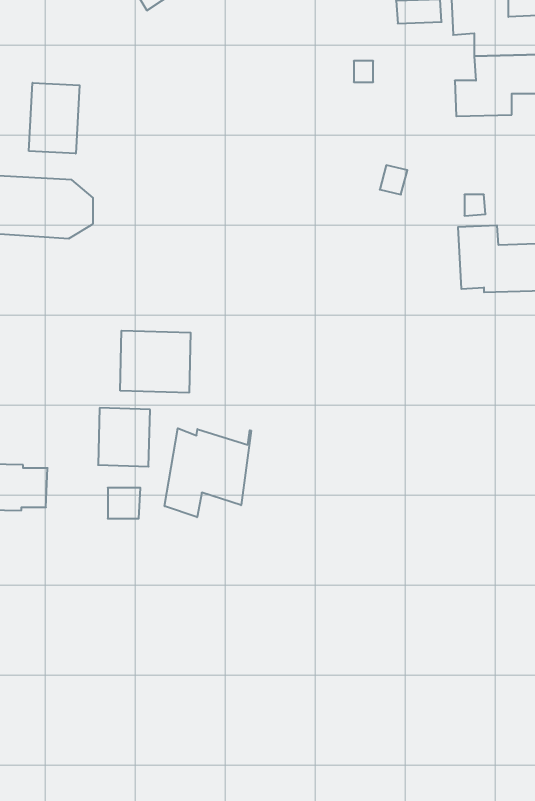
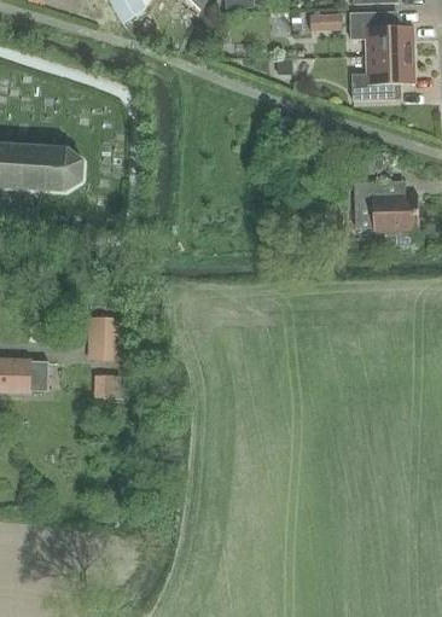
building: [29,83,80,154] -> none
building: [120,331,191,393] -> none
building: [165,428,251,517] -> none

